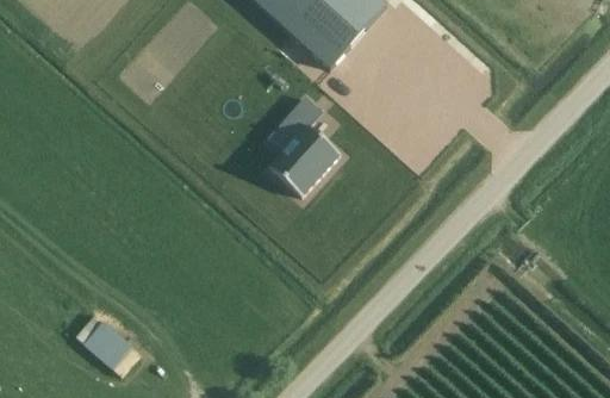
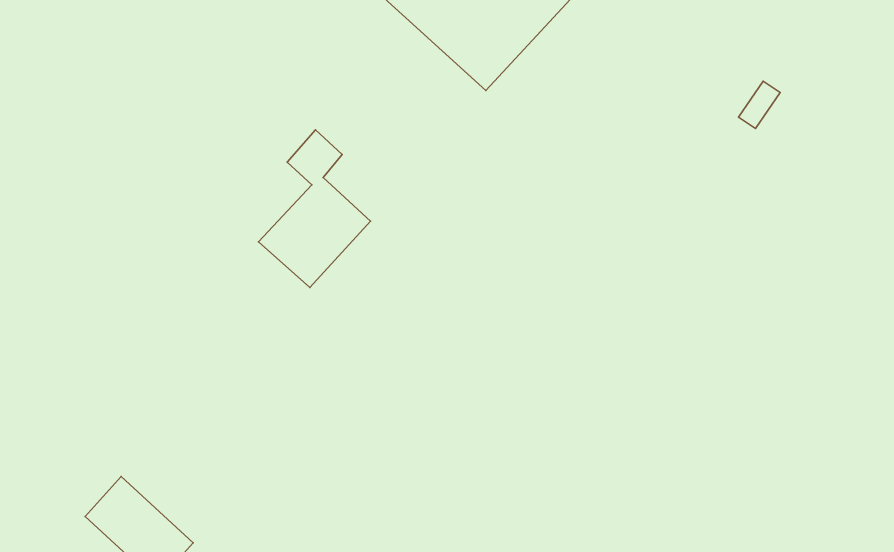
building: [267,97,337,195] -> [259,130,371,288]

